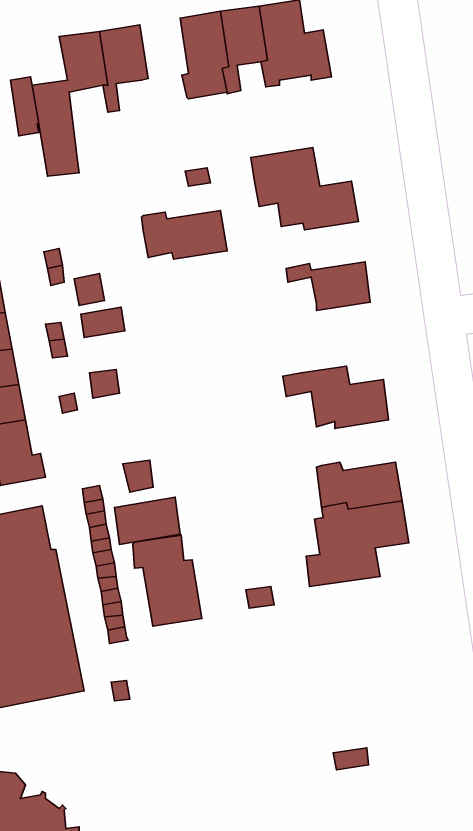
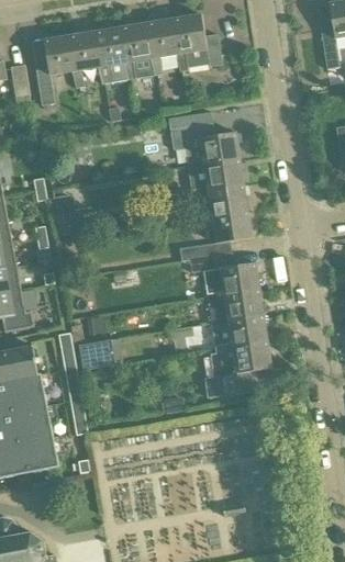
building: none -> [96,25,127,82]
building: [142,210,227,259] -> [187,158,243,190]
building: none -> [194,211,251,257]
building: none -> [207,288,263,321]
building: [133,535,202,626] -> none

